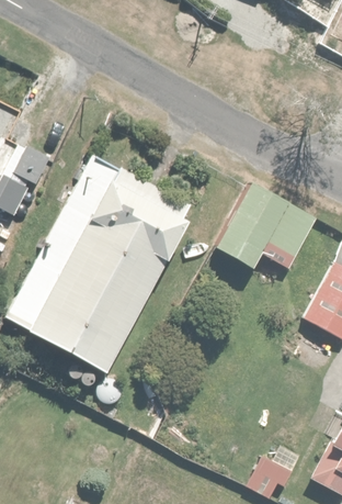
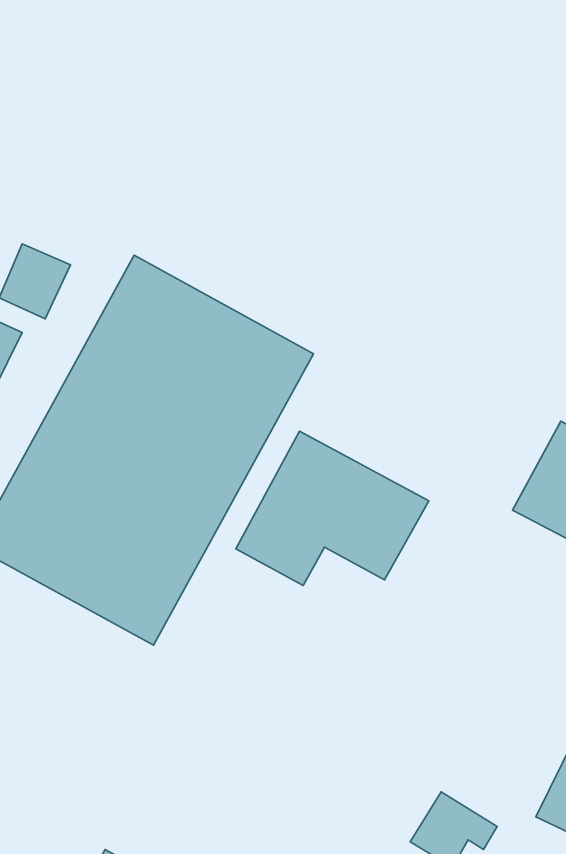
building: [214,183,323,271] -> [236,431,429,586]

